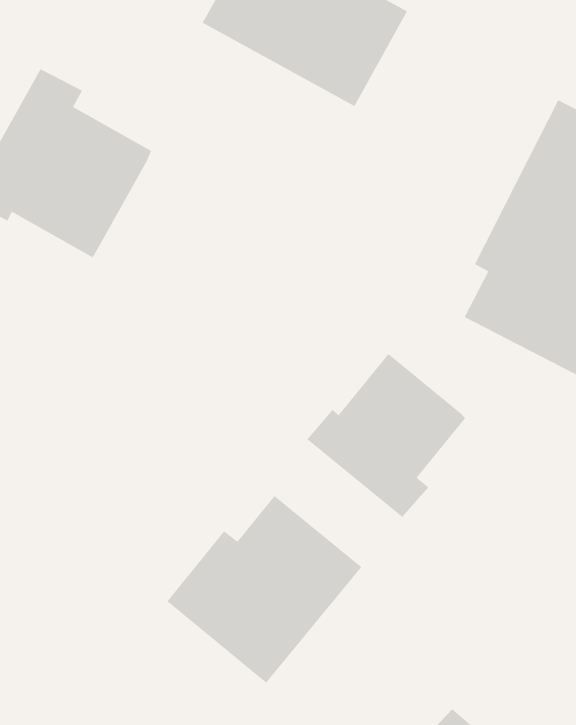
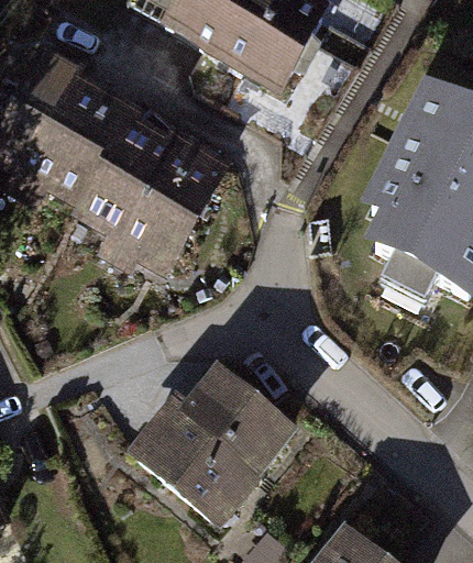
building: none -> [77,128,220,268]
building: [307,353,466,518] -> none

